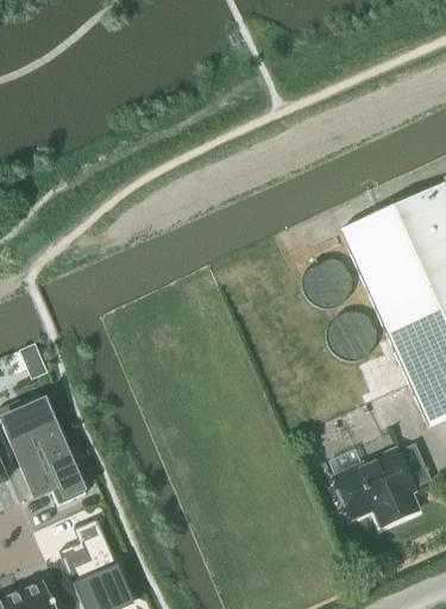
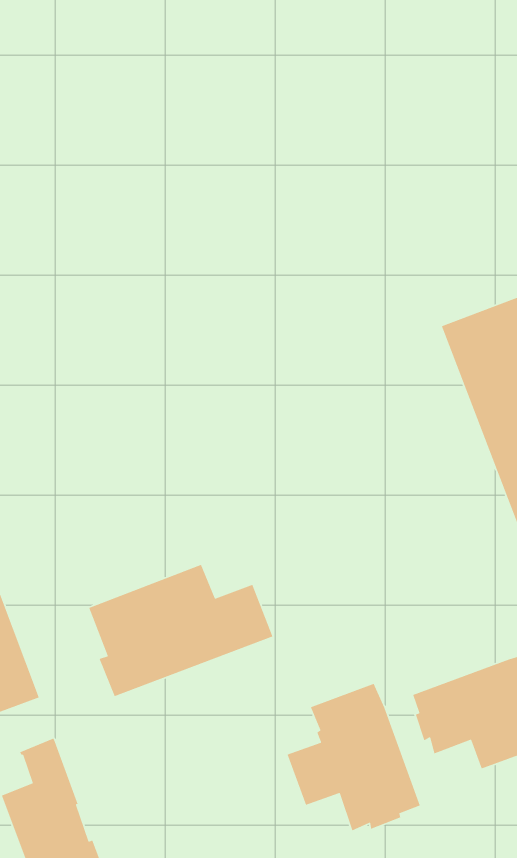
building: none -> [88,564,273,697]
building: none -> [286,683,421,831]

